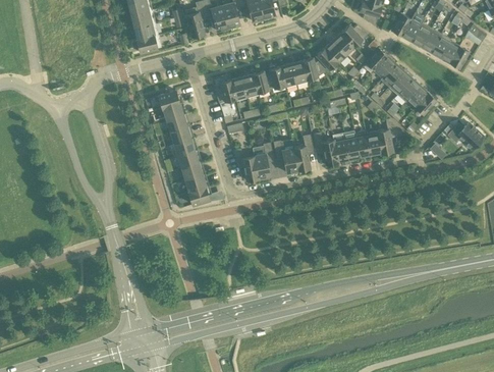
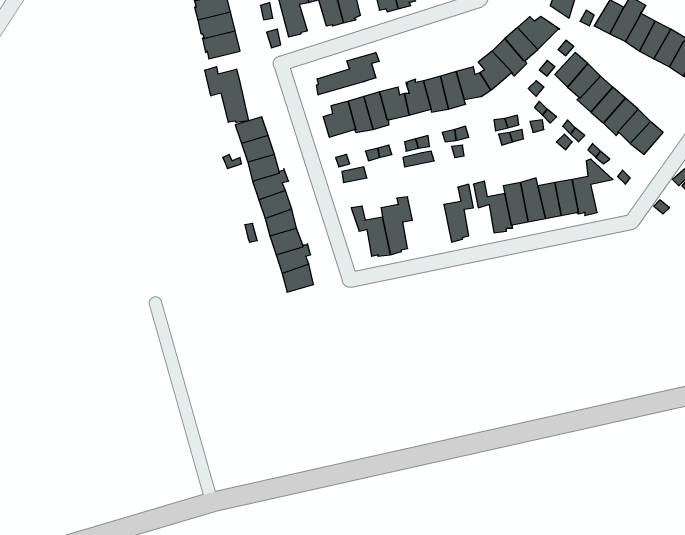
building: none -> [317,52,379,95]
building: none -> [205,67,249,123]
building: [273,139,298,172] -> none

